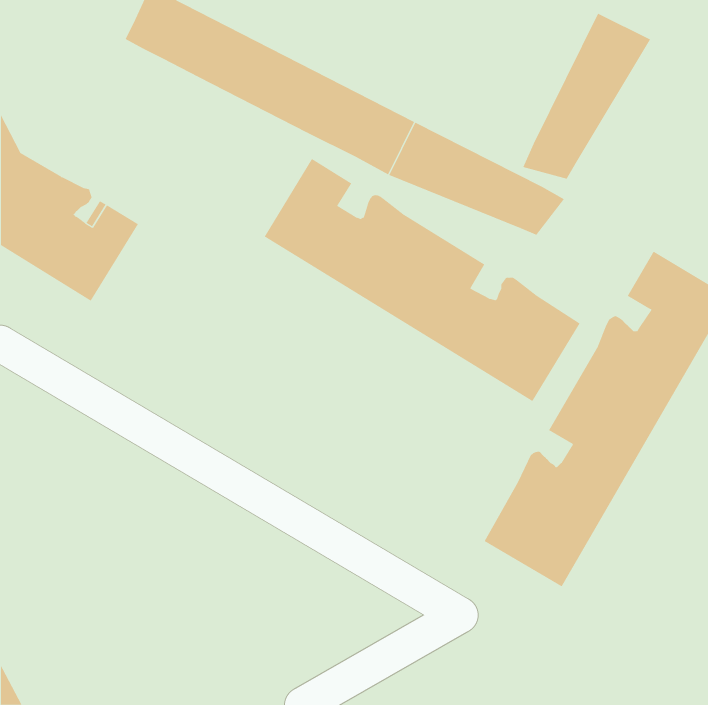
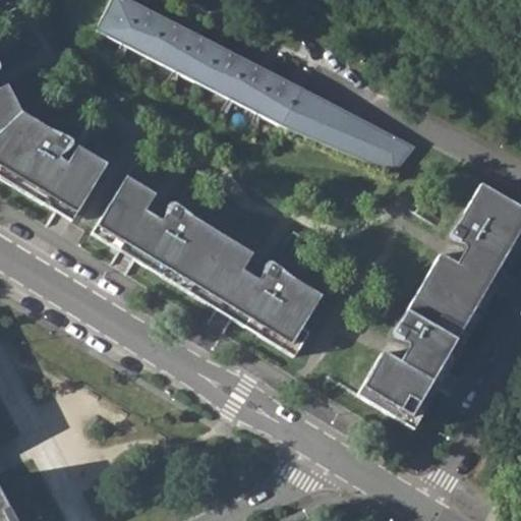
building: [522,13,651,180] -> none
building: [264,158,581,402] -> [92,174,322,351]

